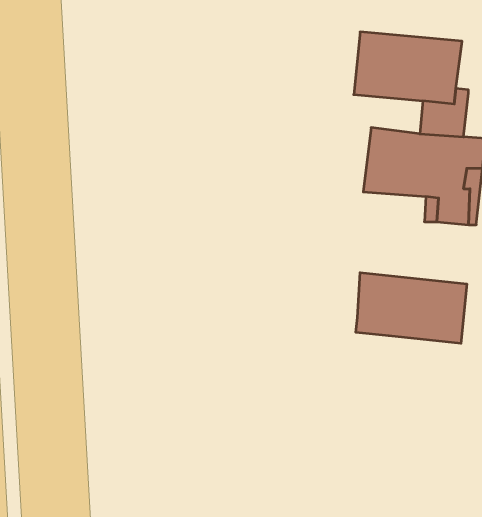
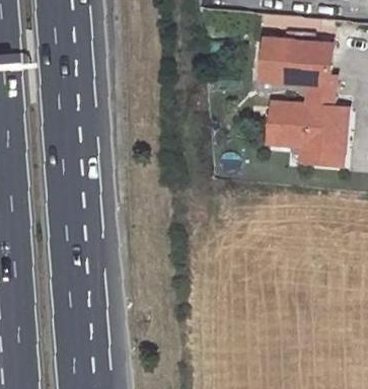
building: [356,273,467,343] -> none

